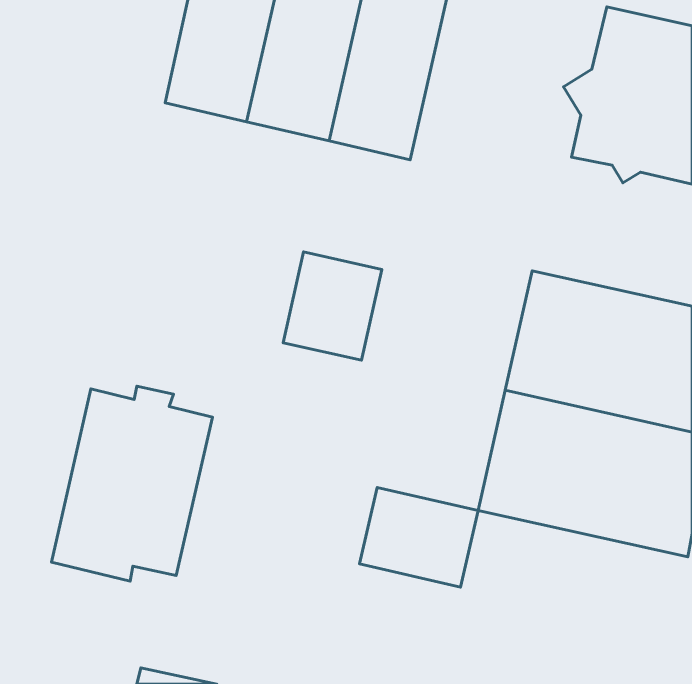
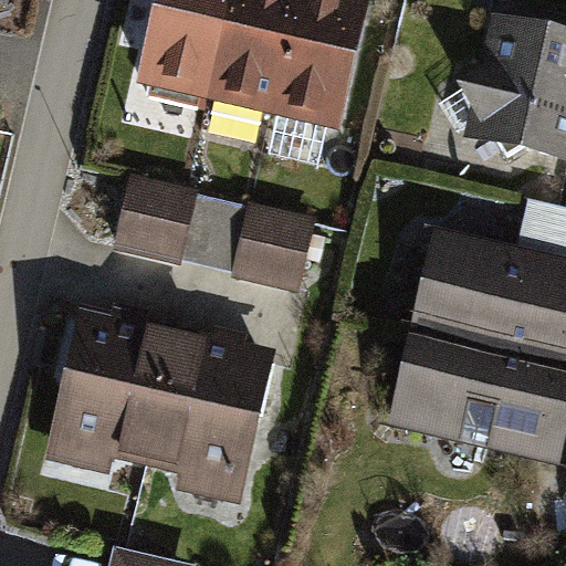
building: none -> [113,179,193,268]
building: none -> [144,339,274,505]
building: [359,487,478,587] -> none

